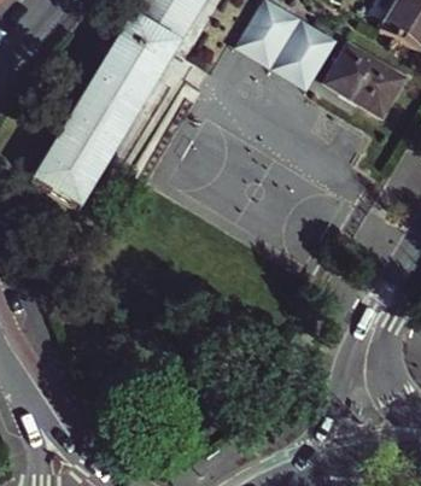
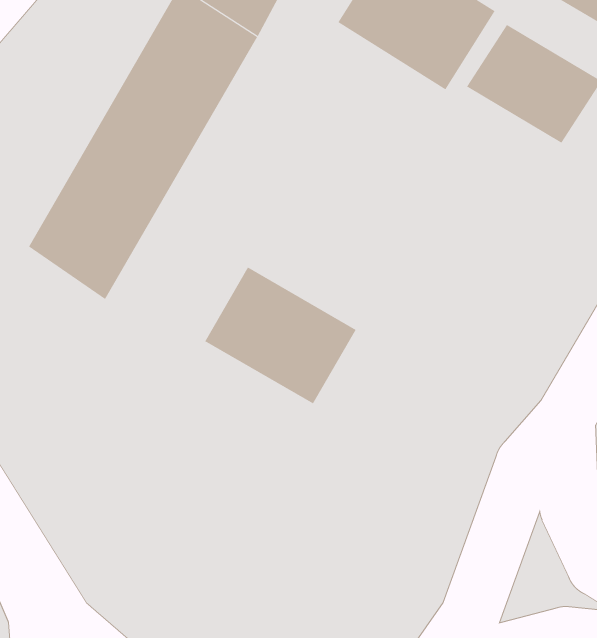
building: none -> [205,266,356,404]

